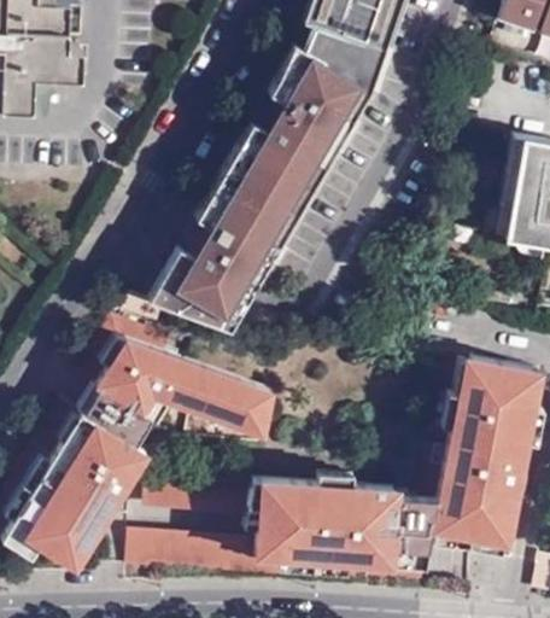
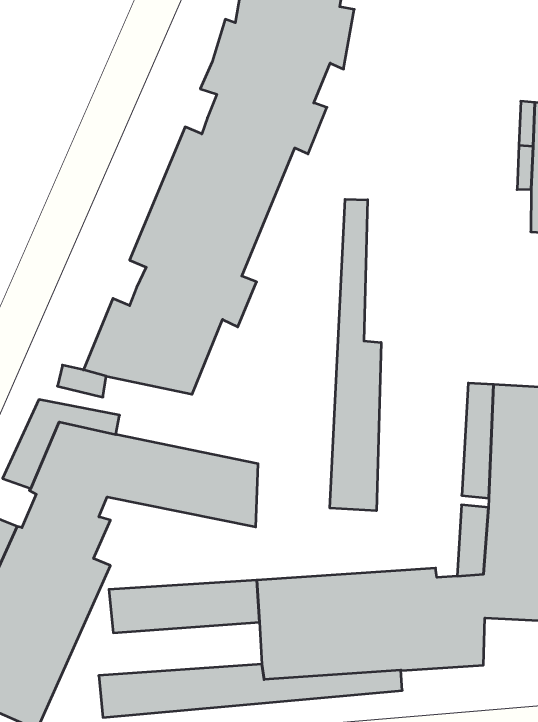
building: none -> [330,199,381,511]

